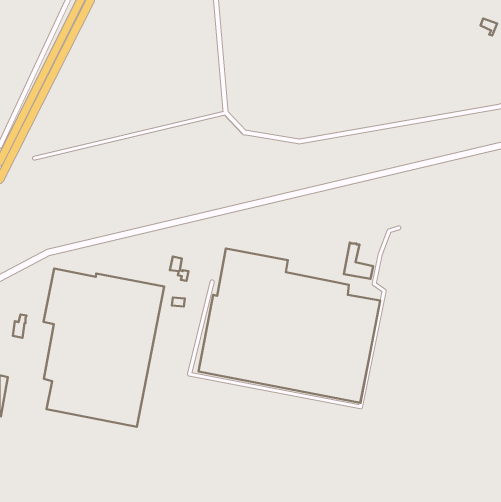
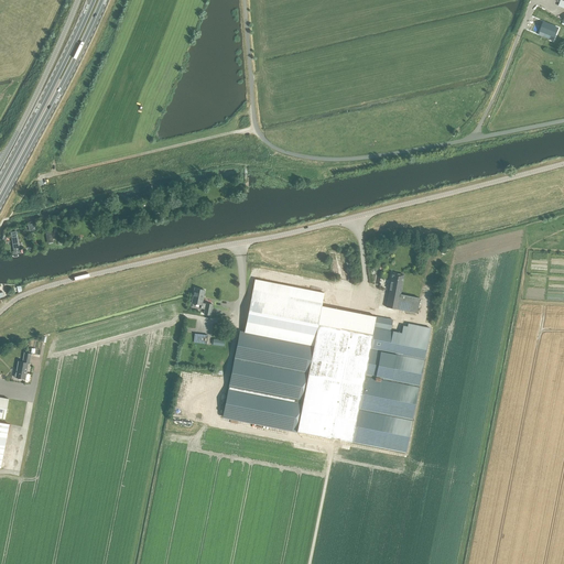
building: [44,269,164,427] -> none

